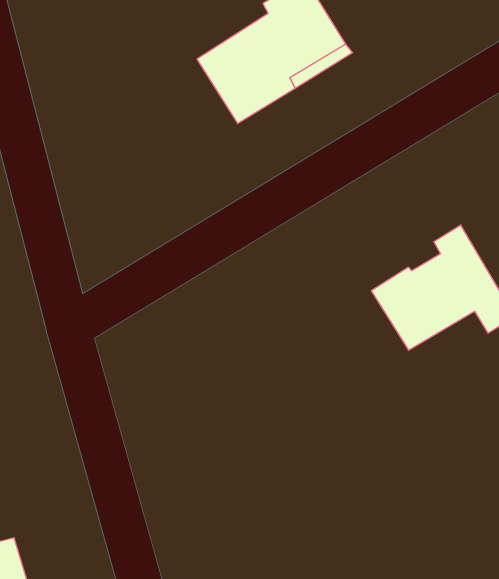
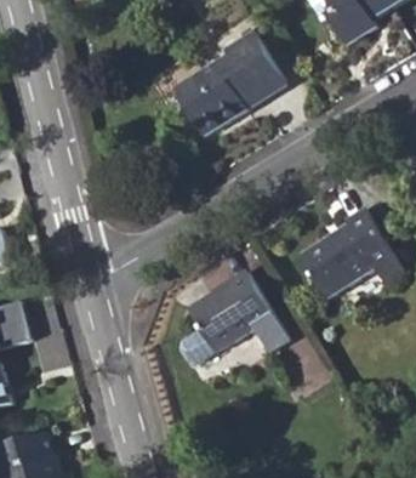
building: none -> [177,273,289,362]

